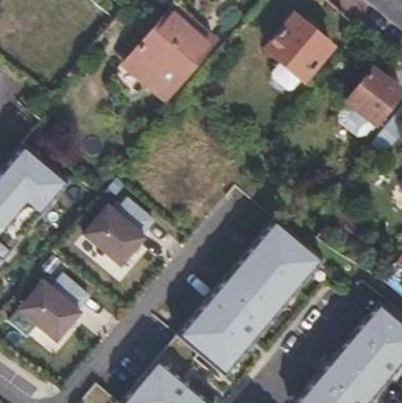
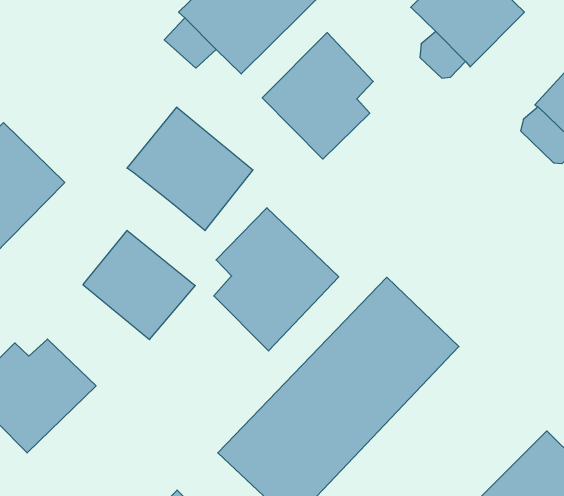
building: none -> [262,33,373,159]
building: none -> [127,107,253,231]
building: none -> [214,208,339,351]

